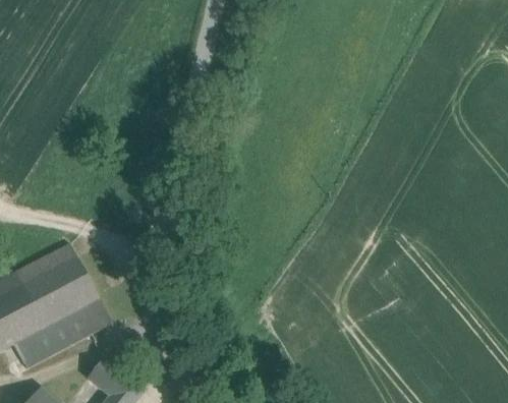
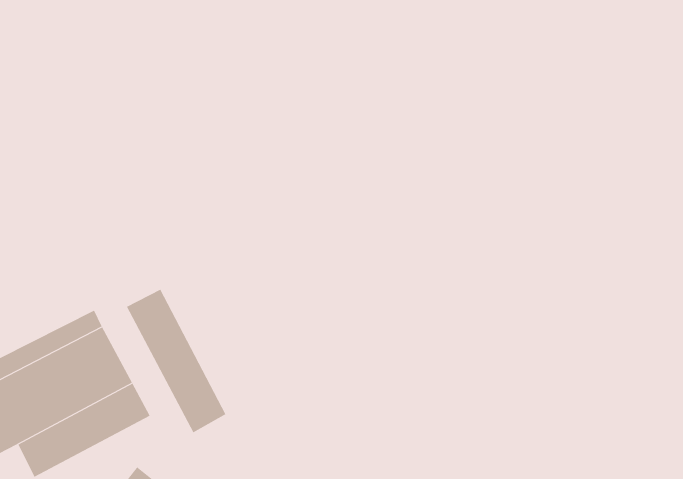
building: none -> [126,289,226,433]

